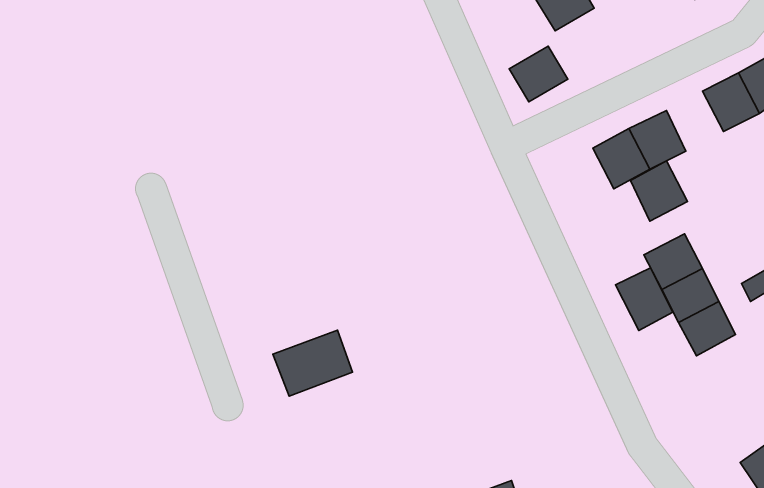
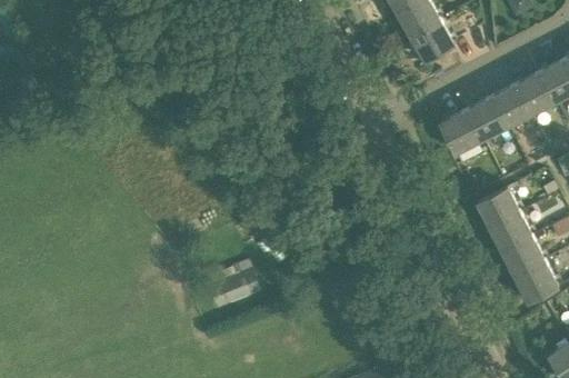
building: [509,46,568,102] -> [411,21,455,62]
building: [630,161,687,221] -> [493,82,536,127]
building: [615,268,673,331] -> none
building: none -> [516,262,558,304]

